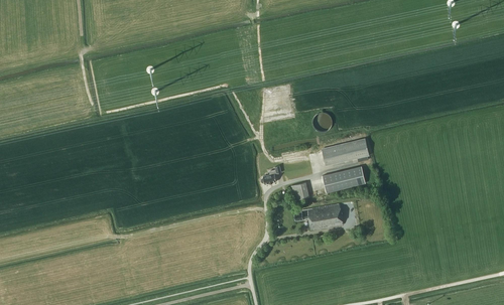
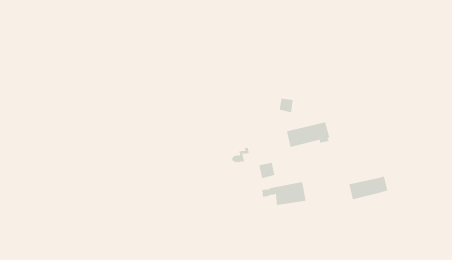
building: [323,166,366,192] -> [349,176,388,200]

